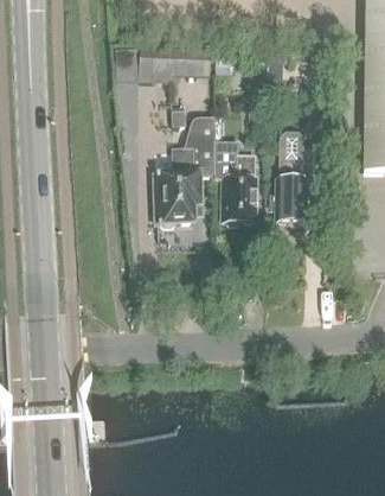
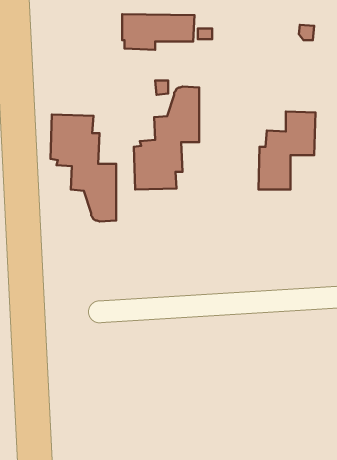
building: none -> [51,115,116,222]
building: [217,153,254,220] -> none

